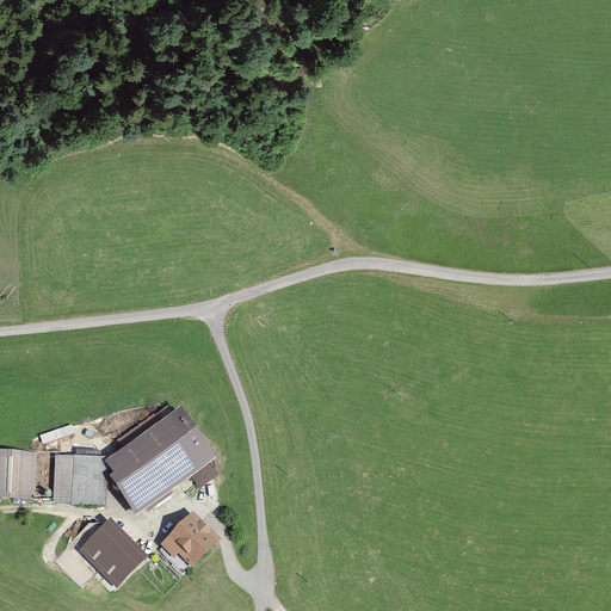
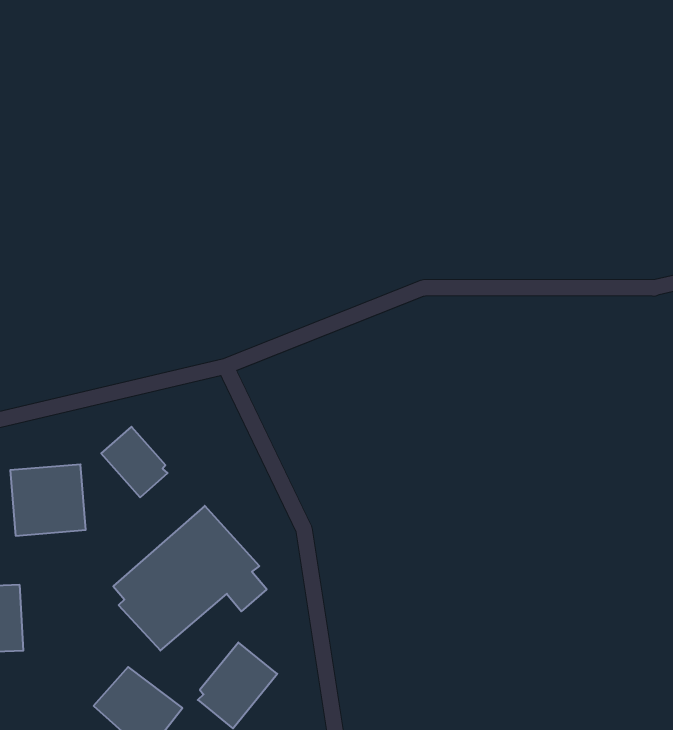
building: none -> [101,427,168,497]
building: [51,453,105,504] -> [10,464,86,536]

